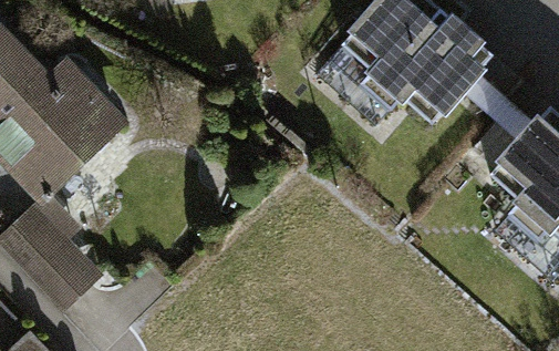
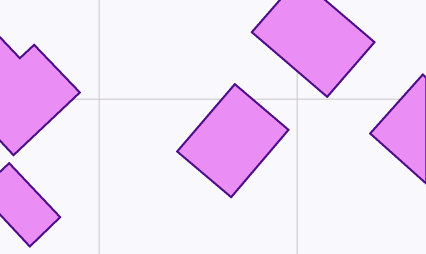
building: none -> [177,84,289,197]

